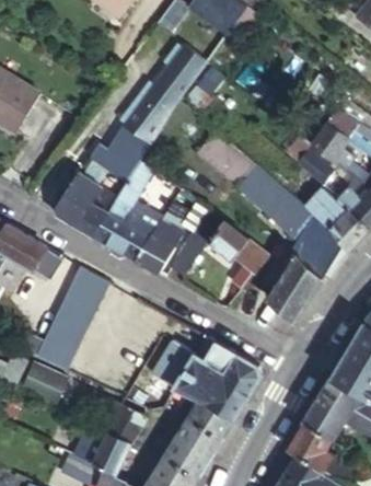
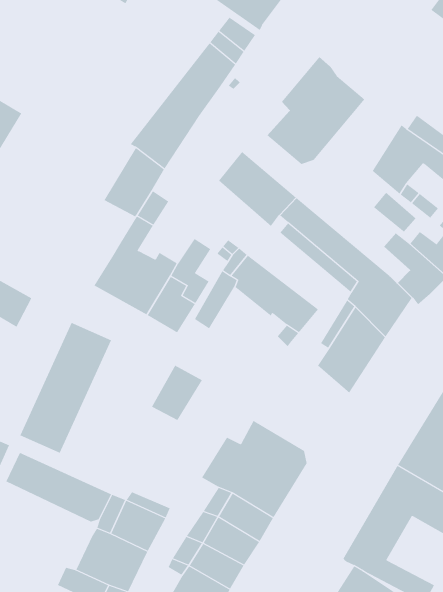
building: none -> [267,56,365,165]
building: [53,174,107,235] -> none
building: [156,342,197,385] -> [151,365,203,421]

